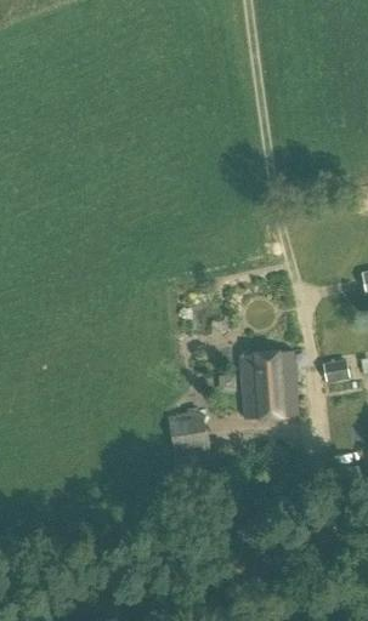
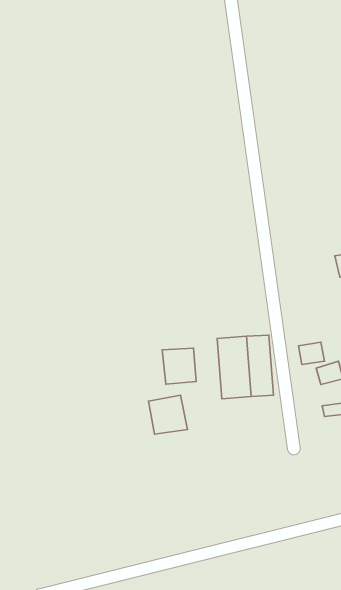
building: none -> [162,348,196,384]

